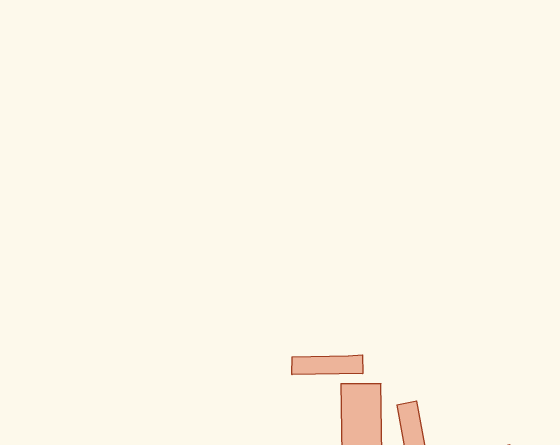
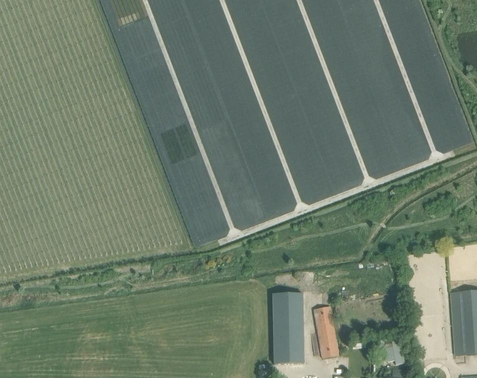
building: [292,355,363,375] -> none

